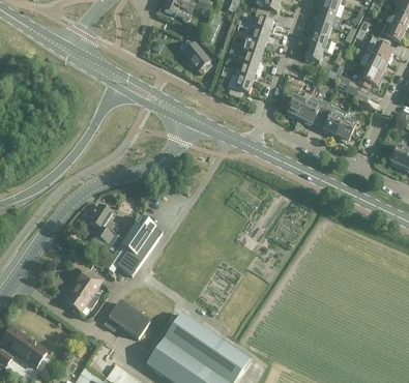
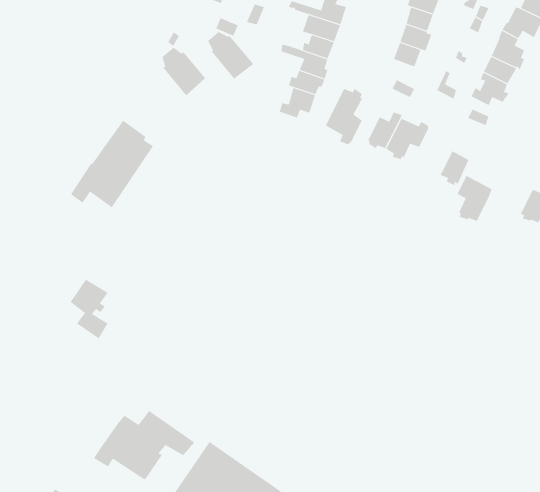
building: none -> [162,47,206,96]
building: none -> [325,88,363,145]
building: [322,102,346,134] -> [457,175,493,222]
building: [105,214,160,273] -> [70,120,154,208]
building: [66,267,104,310] -> none

